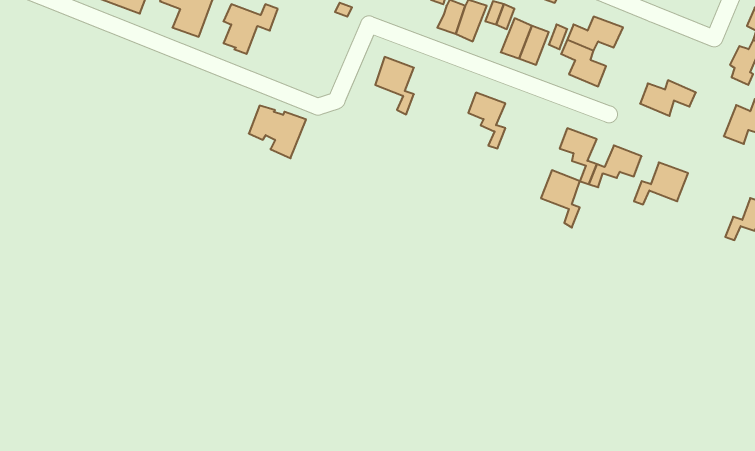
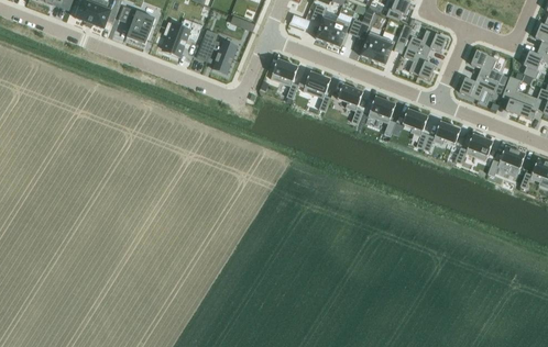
building: none -> [471,49,503,83]
building: none -> [303,71,330,111]
building: none -> [502,76,527,114]
building: [249,106,306,158] -> [197,36,238,74]
building: [541,170,580,228] -> [368,96,395,136]
building: none -> [487,146,525,176]

